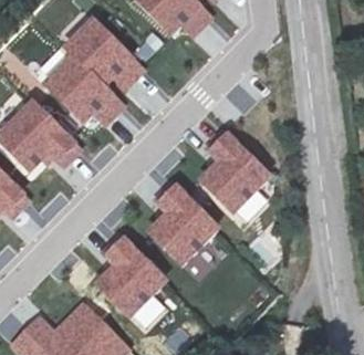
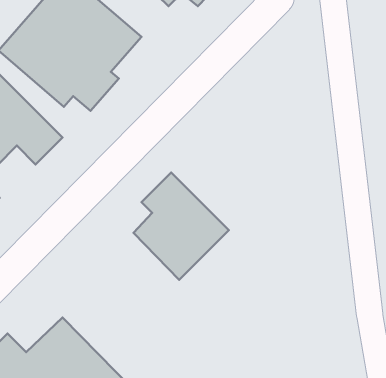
building: [193,125,272,215] -> none
building: [90,229,169,331] -> none

